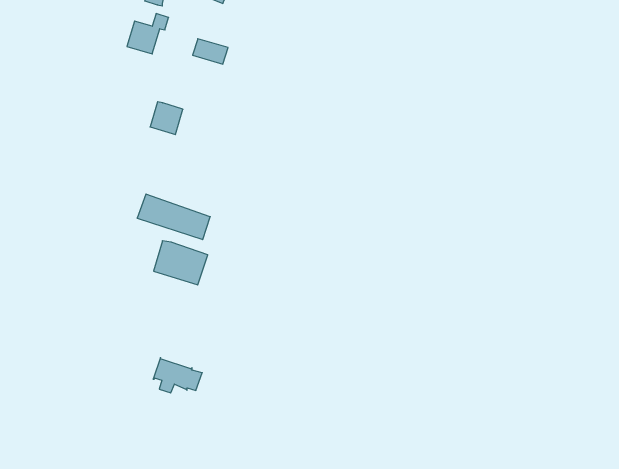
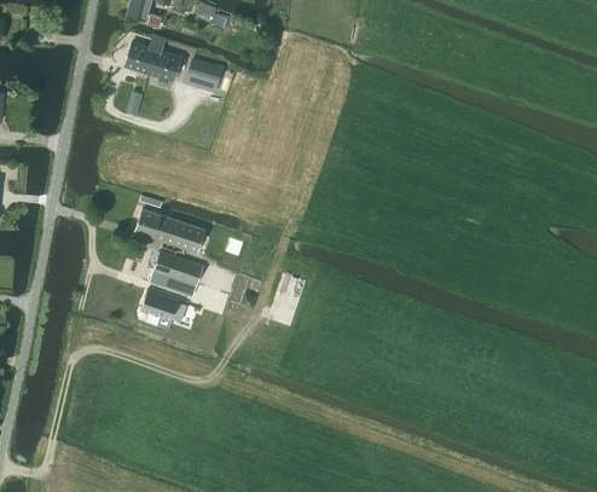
building: [150,102,183,135] -> [149,50,180,81]
building: [153,358,202,393] -> [141,290,189,324]

